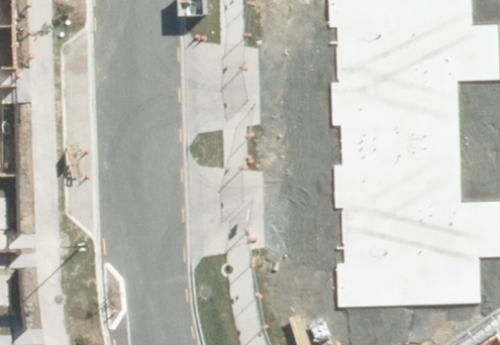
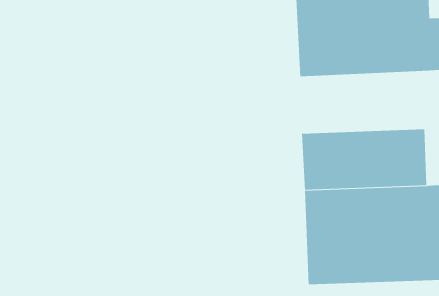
building: [334,83,469,149] -> none

